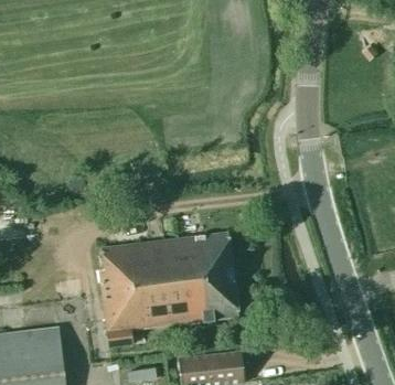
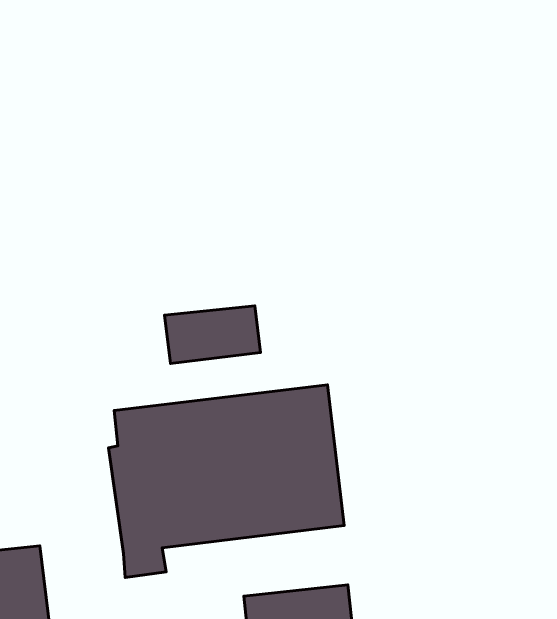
building: none -> [164,306,260,363]

